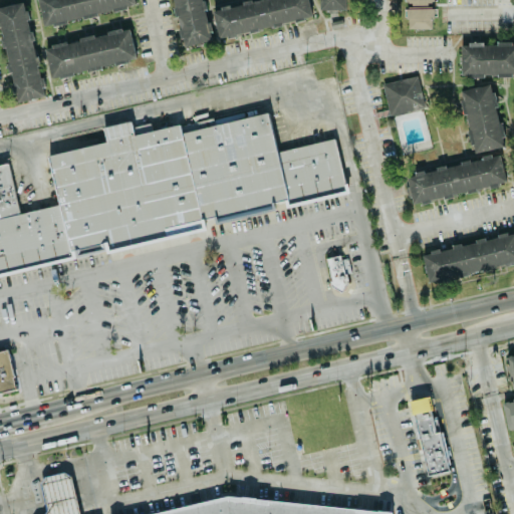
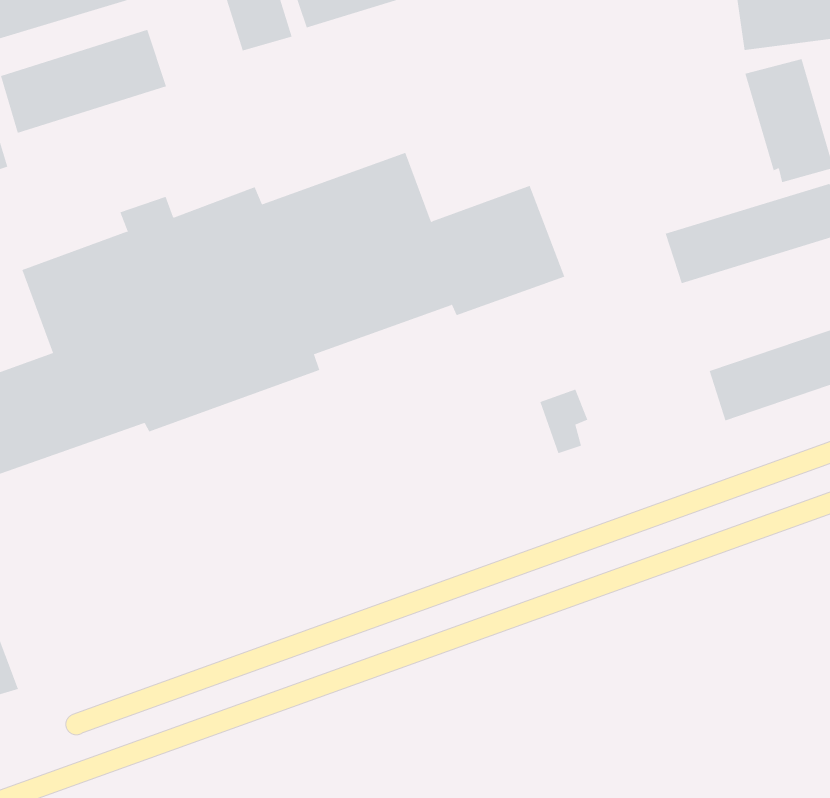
building: [383,76,426,115] -> none
building: [412,396,449,476] -> none

